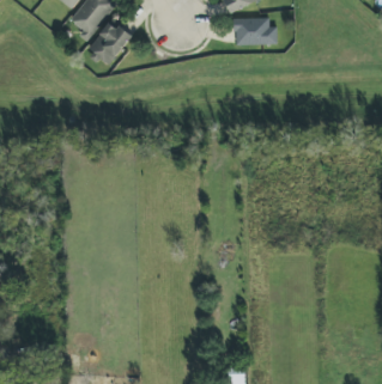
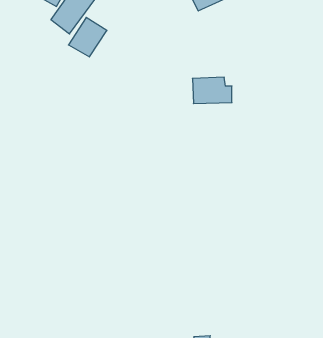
building: [234,17,277,45] -> [192,77,232,104]

